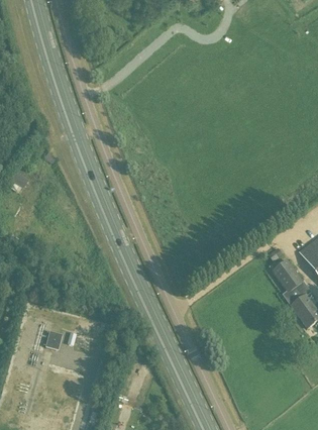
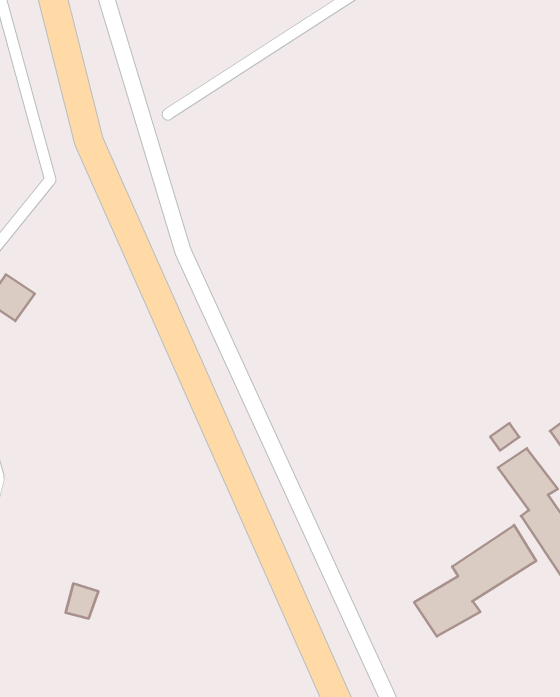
building: none -> [414,525,536,636]

